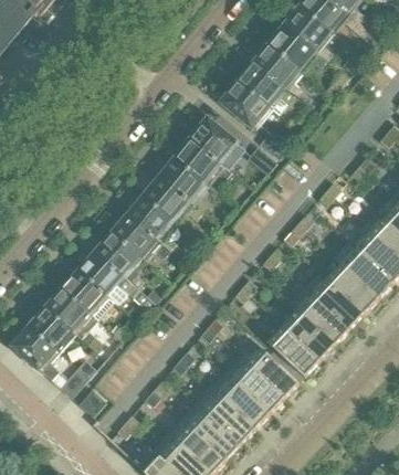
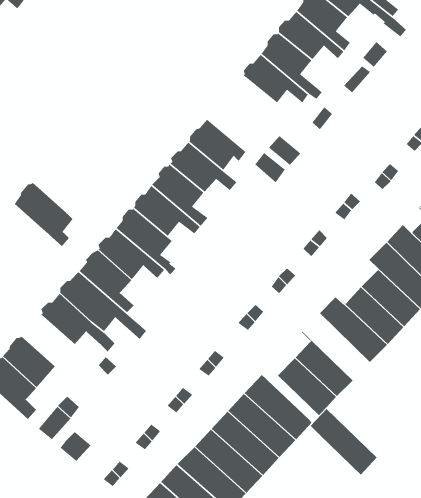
building: [221,80,269,128] -> none
building: [291,286,349,345] -> [310,408,377,475]
building: [46,287,98,344] -> [14,182,74,247]

